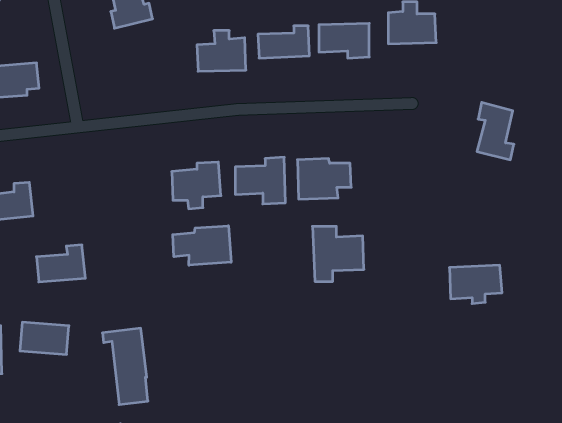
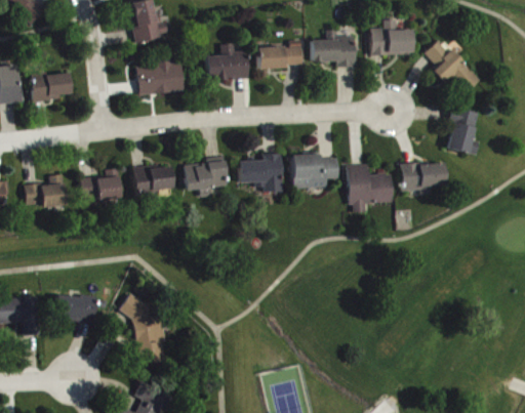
building: none -> [423,38,479,94]
building: none -> [136,53,185,95]
building: none -> [132,164,173,194]
building: [173,226,231,265] -> none
building: [312,226,364,281] -> [348,165,392,212]
building: [36,245,85,282] -> [79,168,121,200]
building: [449,265,502,304] -> [400,162,445,195]

